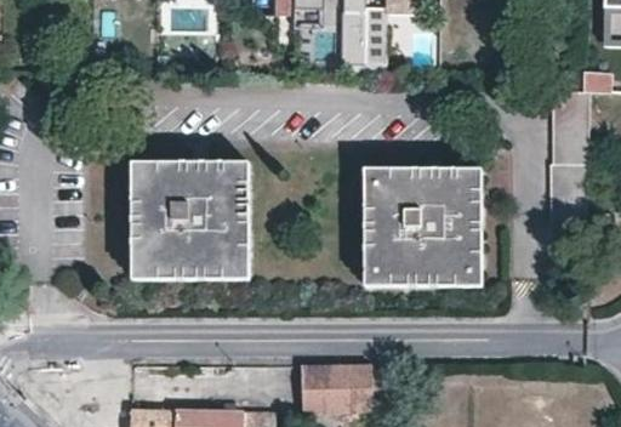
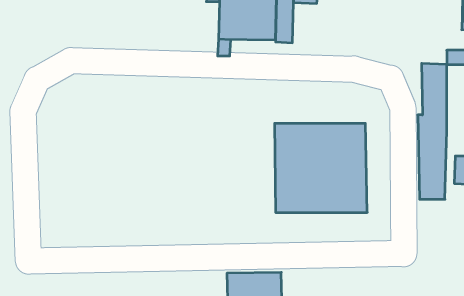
building: [132,160,247,277] -> none

